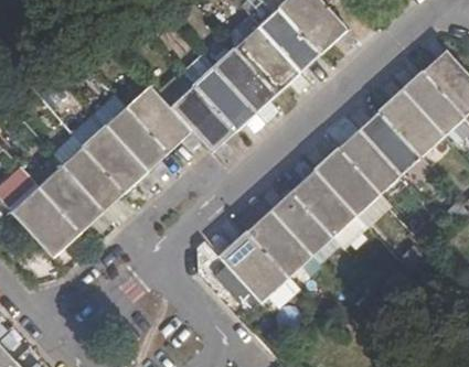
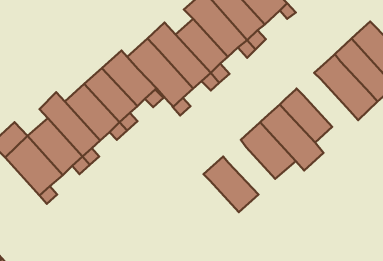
building: [358,110,420,174] -> none
building: [270,190,332,255] -> none
building: [221,230,289,312] -> none

